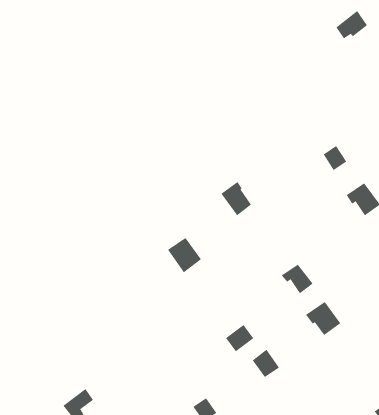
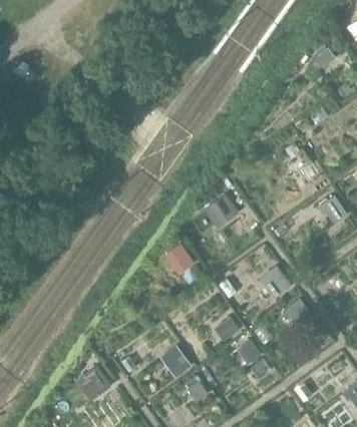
building: none -> [160,343,192,376]

